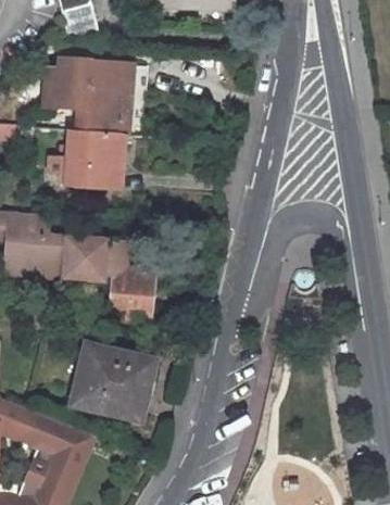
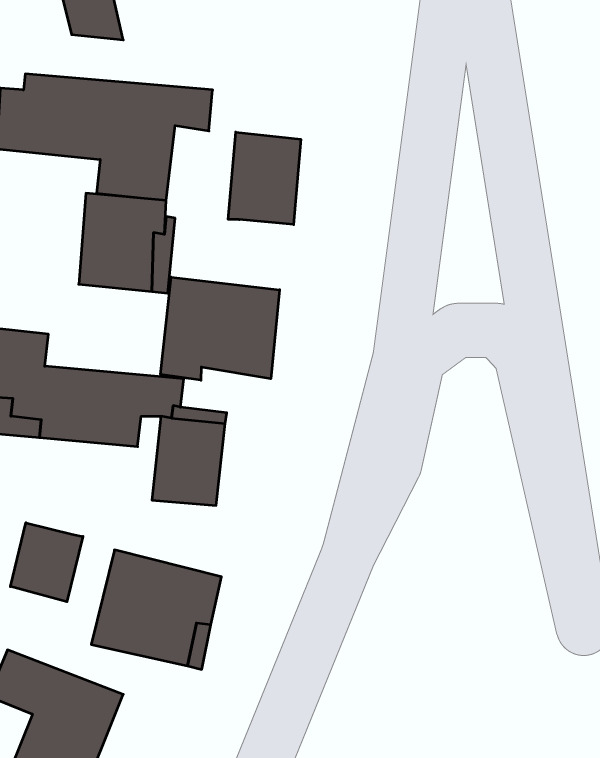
building: none -> [228,132,301,225]
building: none -> [161,277,280,380]
building: none -> [10,523,83,602]

